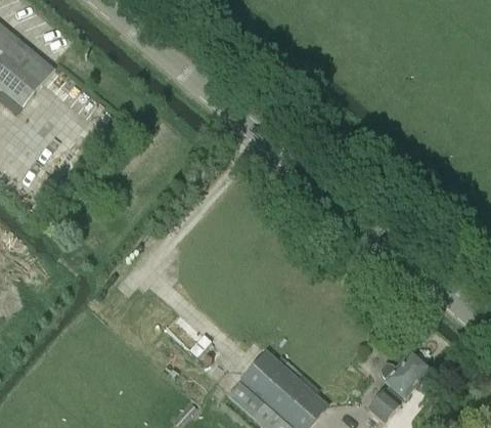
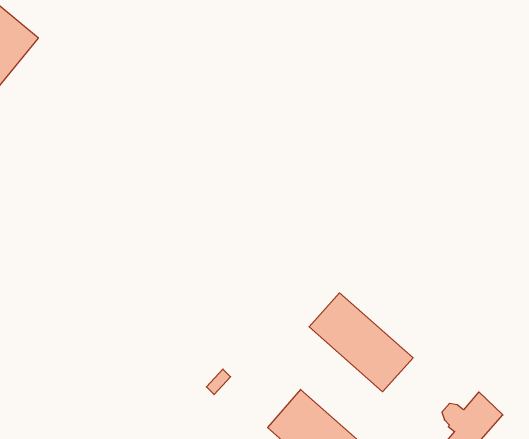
building: none -> [309,293,413,392]

